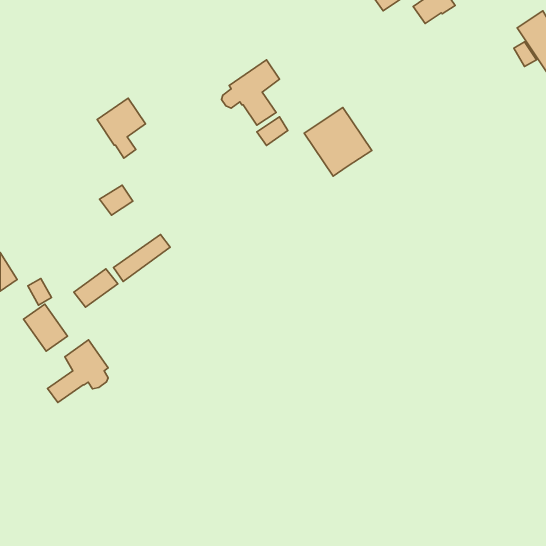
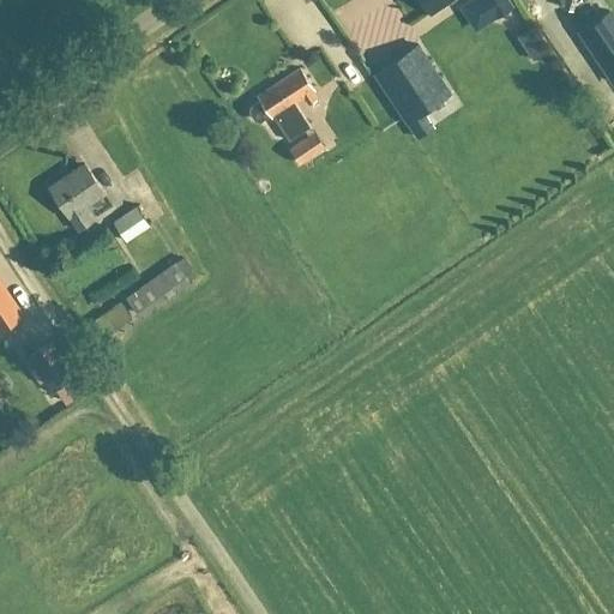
building: [97,98,145,158] -> [50,163,104,230]
building: [304,108,372,176] -> [375,46,451,122]
building: [48,340,108,403] -> none

